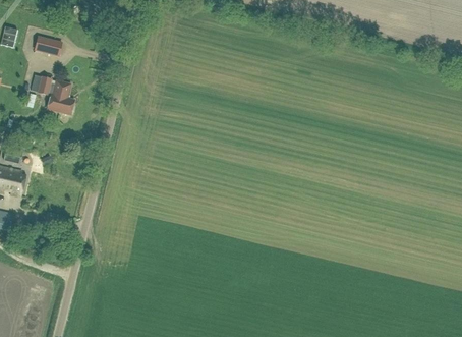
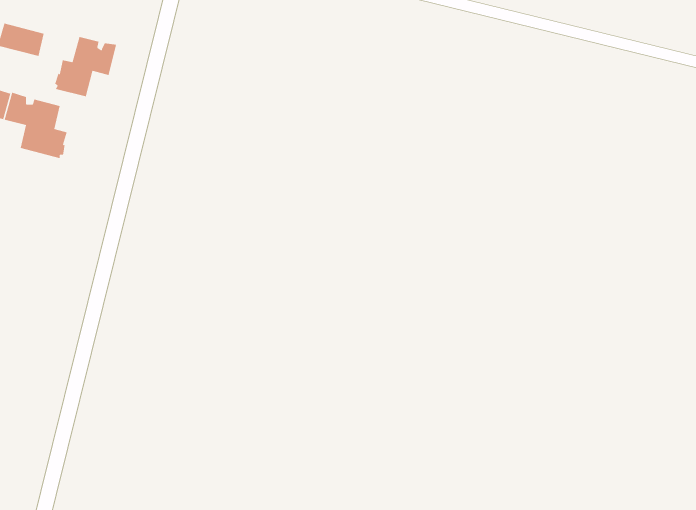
building: none -> [55,36,117,97]

